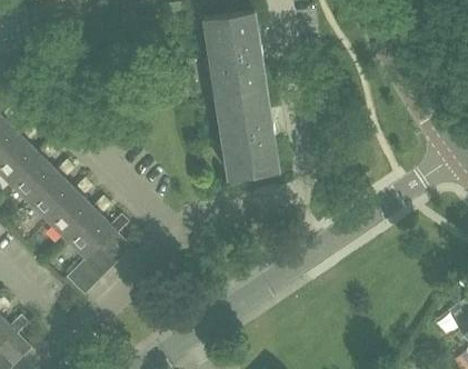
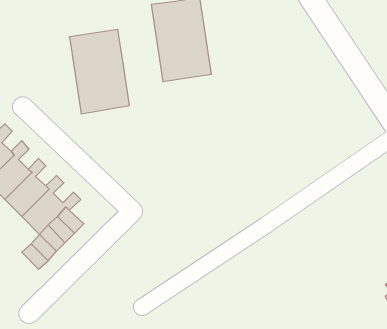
building: [215,91,278,180] -> [69,30,129,114]

